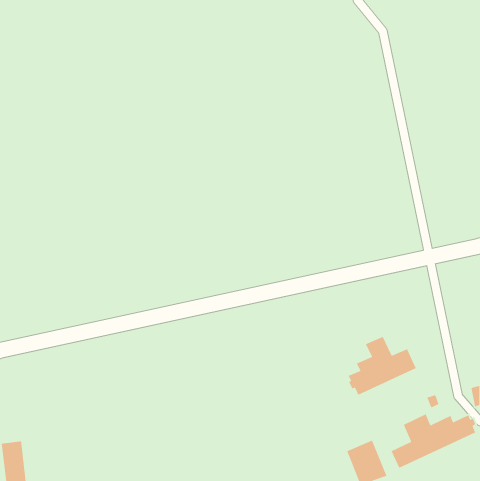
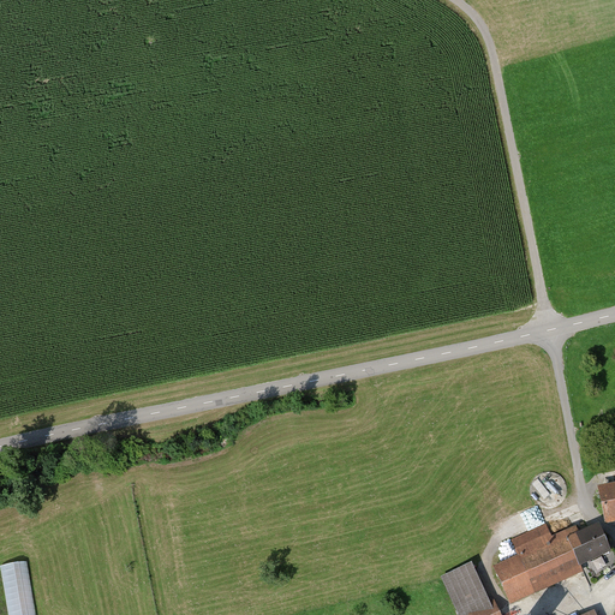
building: [348,336,417,396] -> none

